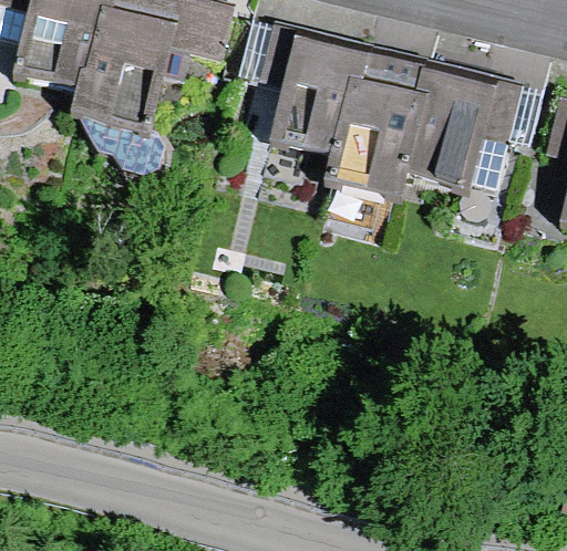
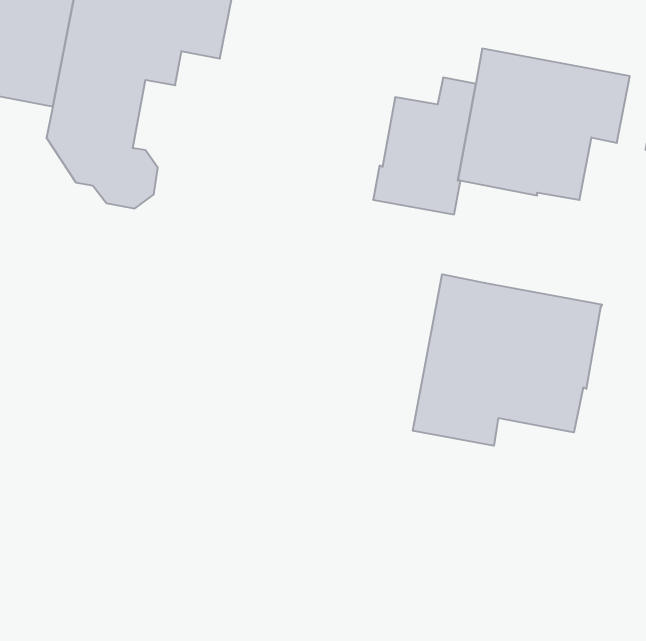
building: [236,20,364,152] -> none
building: none -> [413,274,602,446]

